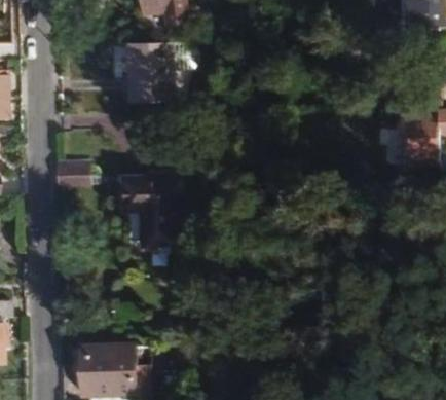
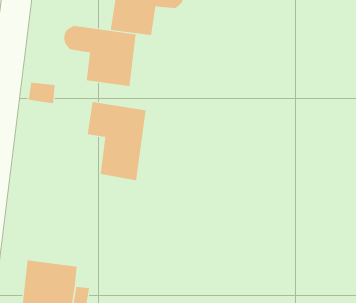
building: none -> [64,25,136,87]

